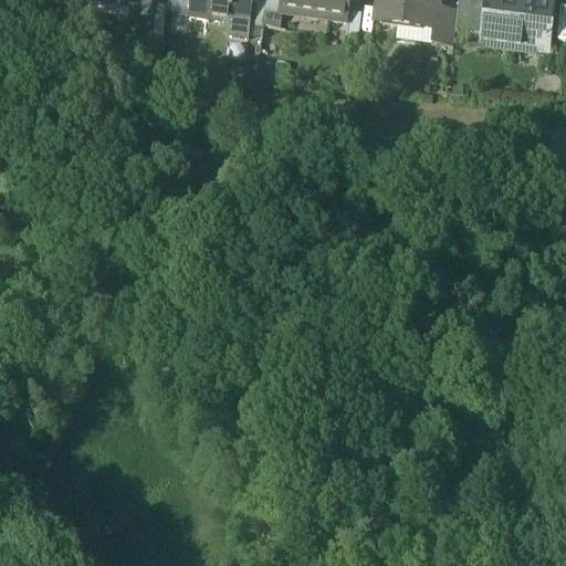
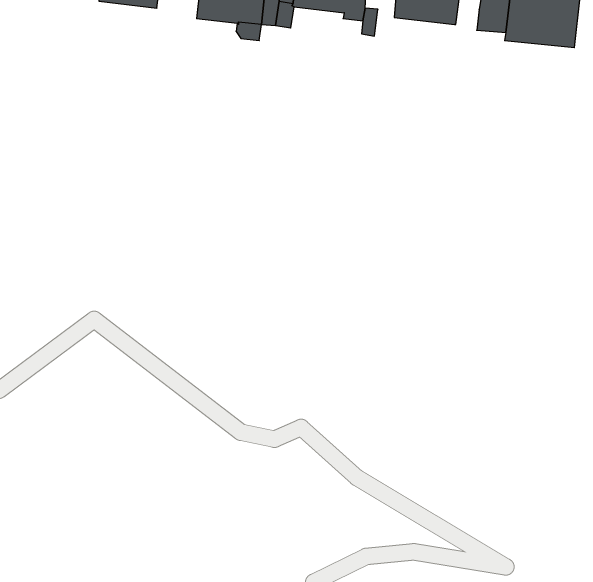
building: [430,7,455,44] -> none

